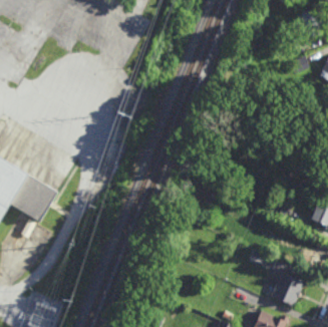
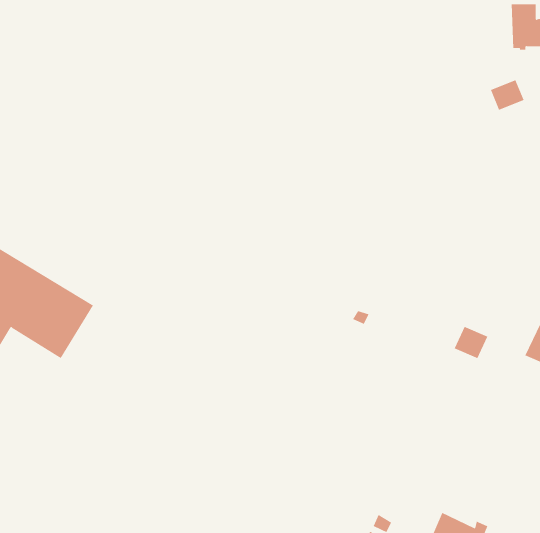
building: [271,272,305,307] -> none

